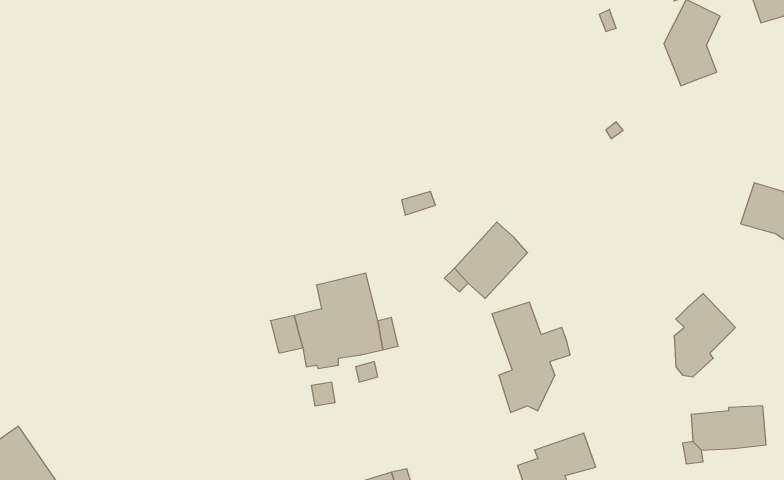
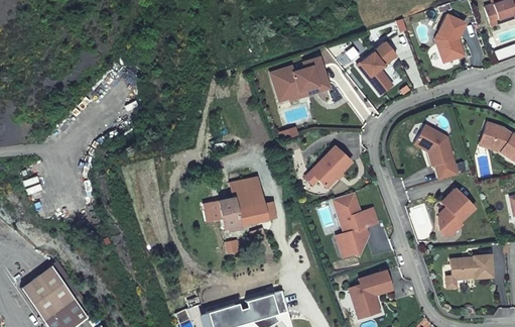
building: none -> [356,40,397,95]
building: none -> [268,56,331,102]
building: none -> [413,123,458,181]

